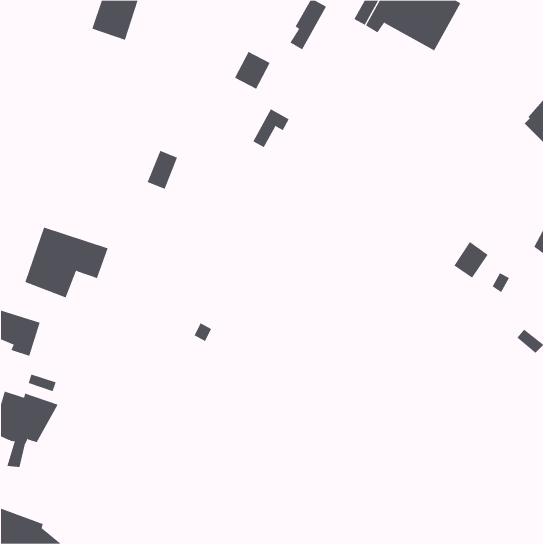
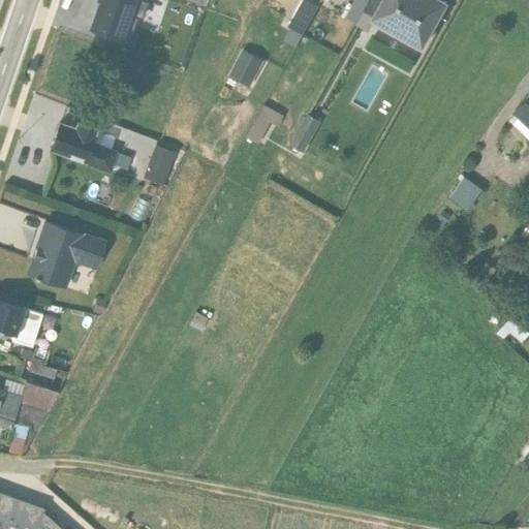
building: none -> [289,115,321,153]
building: none -> [51,123,130,172]
building: [453,241,489,278] -> [448,176,483,212]

